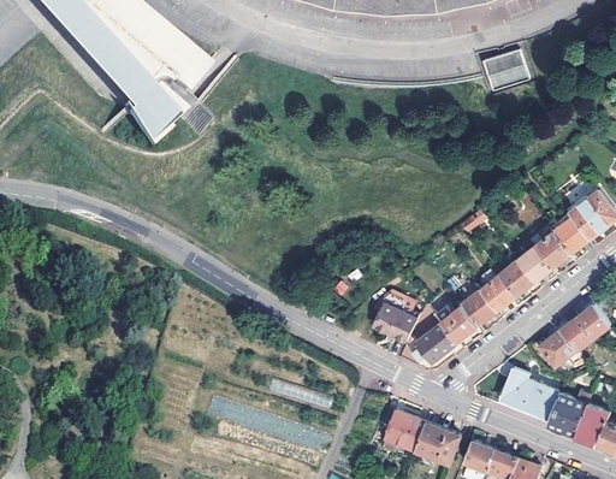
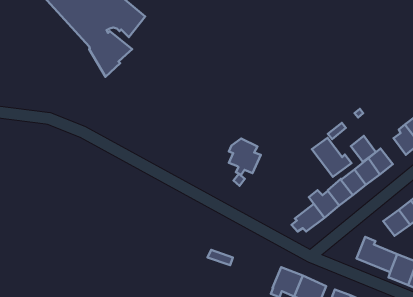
building: [481,47,527,89] -> none
building: none -> [312,138,351,177]
building: [535,230,570,266] -> [351,136,376,162]
building: [375,291,420,342] -> [229,139,261,175]

